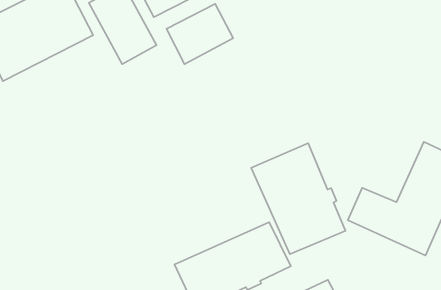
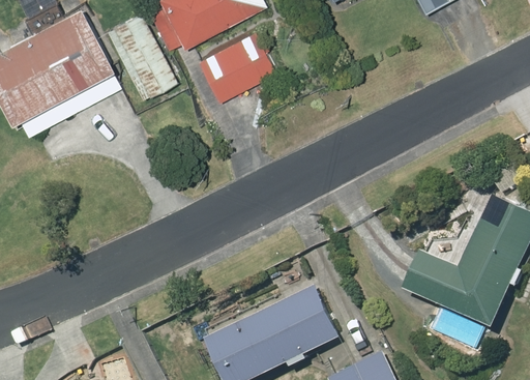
building: [251,143,345,254] -> none

